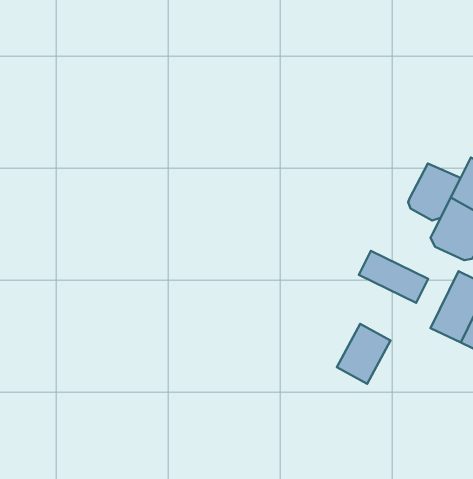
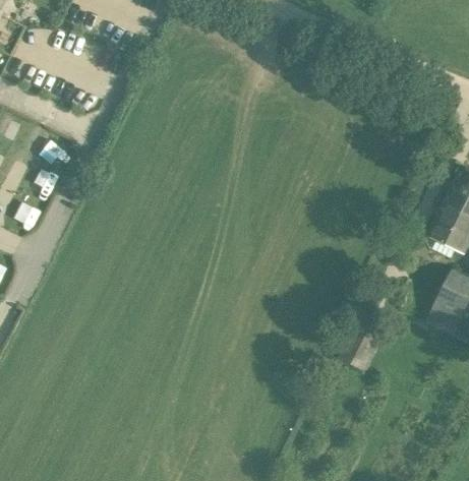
building: [408,164,461,221] -> none
building: [359,251,428,303] -> none

